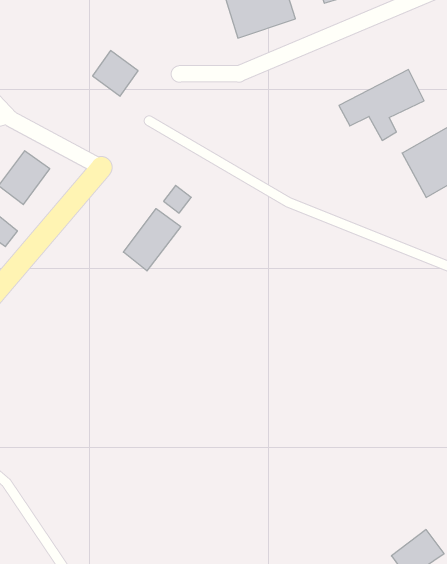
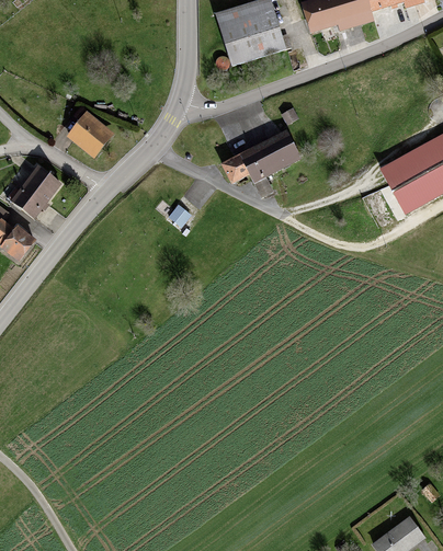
building: [93,51,138,96] -> [69,114,111,156]
building: [339,70,424,140] -> [222,131,299,196]
building: [123,209,181,271] -> none

